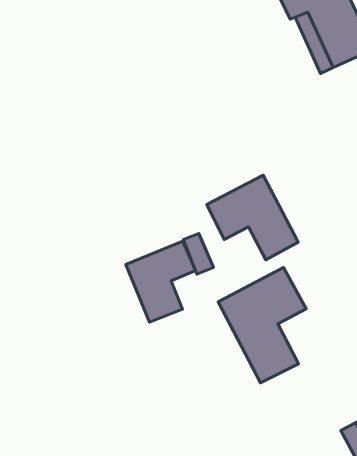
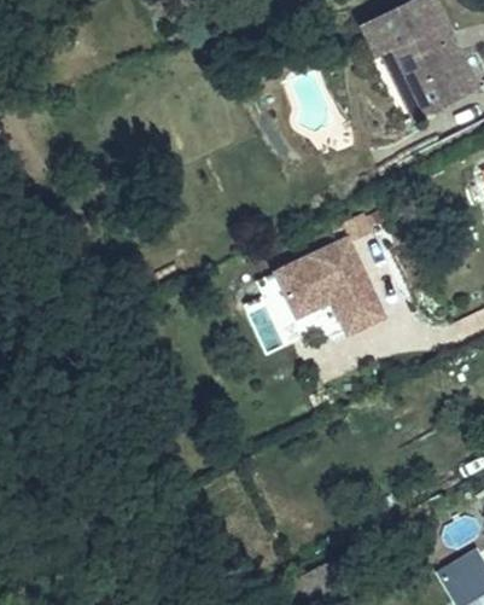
building: [126,241,196,322] -> none
building: [218,268,306,383] -> none

